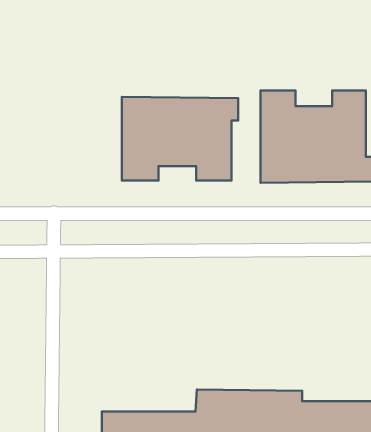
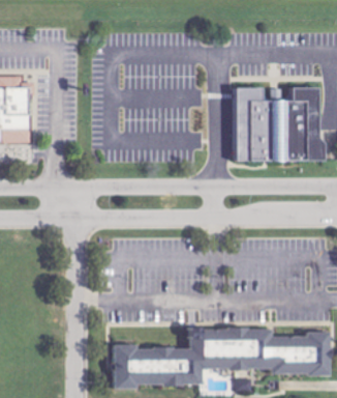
building: [122,97,238,180] -> none

